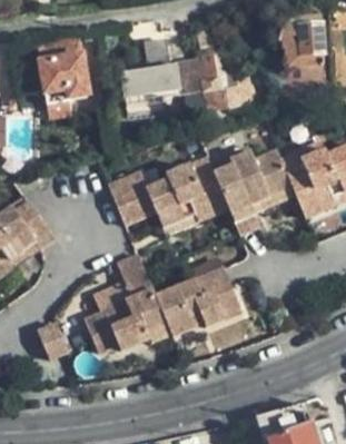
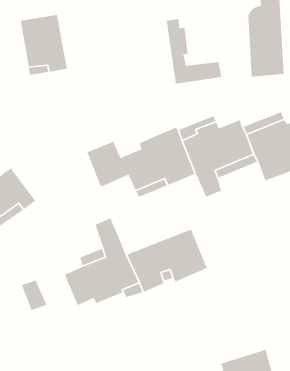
building: [121,40,179,114] -> none

